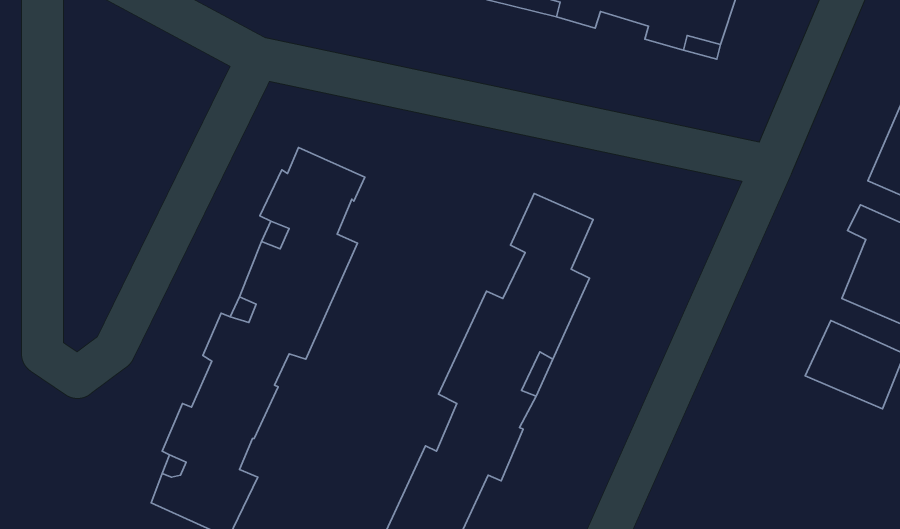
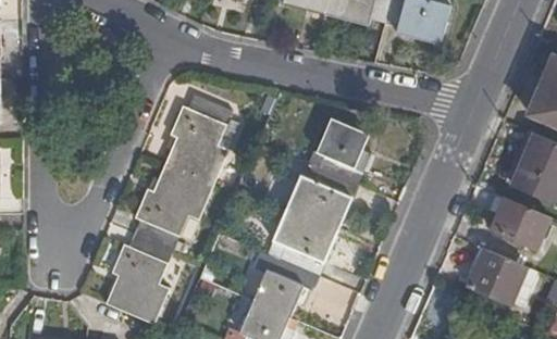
building: none -> [467,248,525,303]

